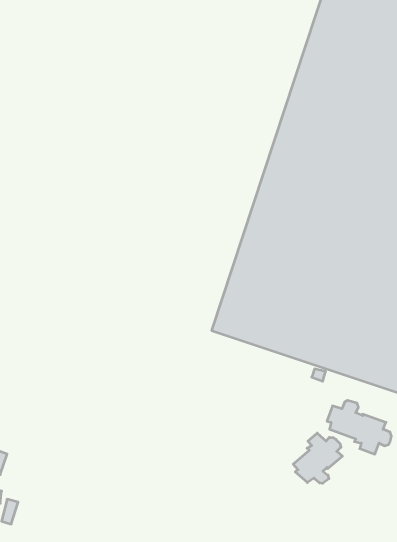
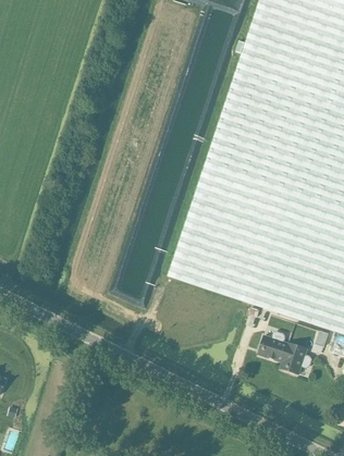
building: [293,433,342,483] -> none

